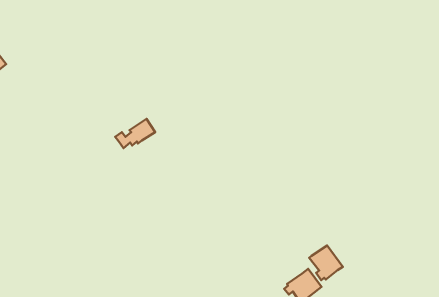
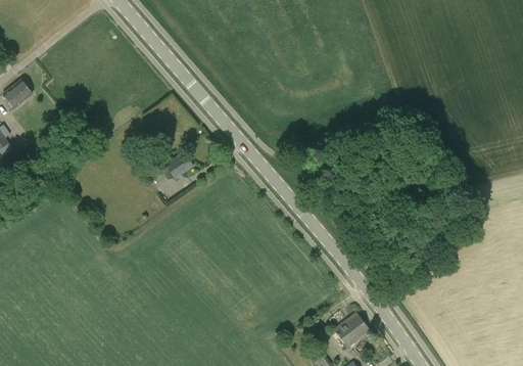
building: [309,246,343,280] -> none

